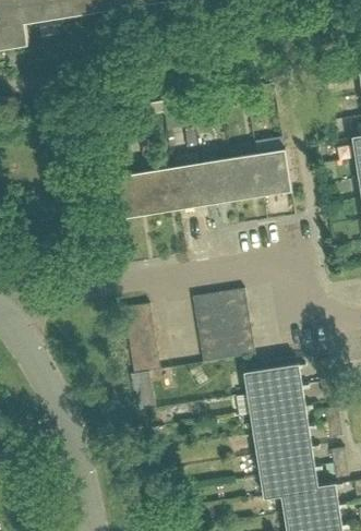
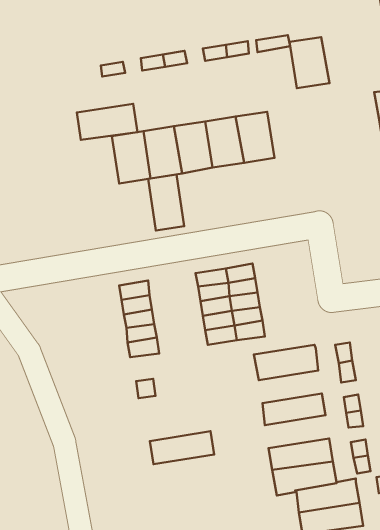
building: none -> [77,104,137,140]
building: [255,149,291,195] -> [290,37,330,88]
building: none -> [148,175,184,230]
building: [248,386,304,415] -> none
building: [253,426,311,456] -> [150,431,214,464]

